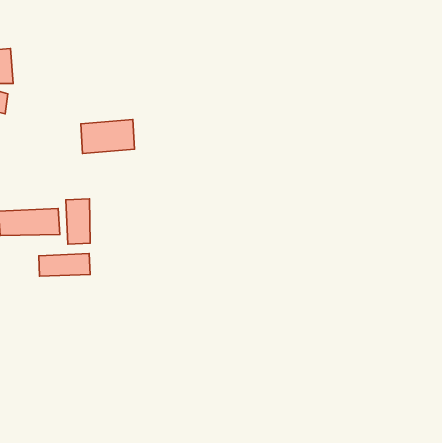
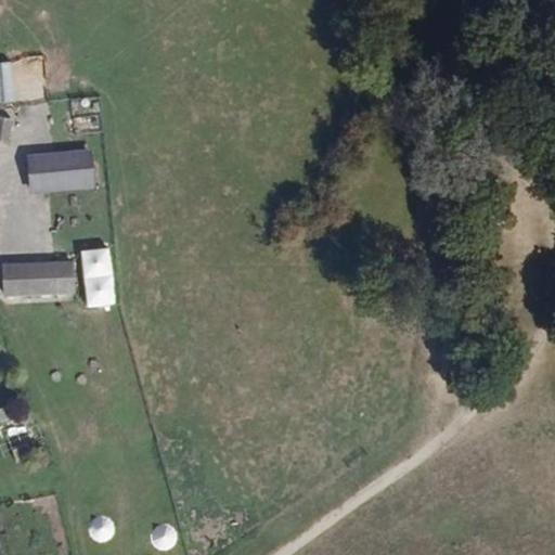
building: [81,120,135,153] -> [24,151,91,193]
building: [39,253,90,276] -> none

